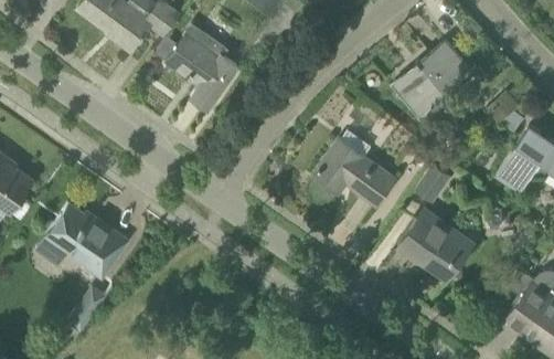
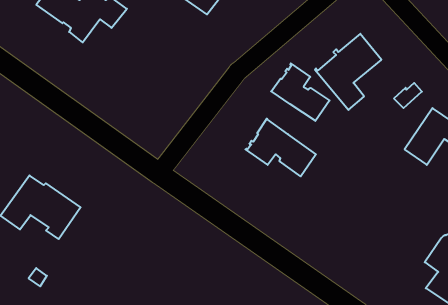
building: [166,34,236,109] -> none
building: none -> [271,63,330,121]
building: [414,163,452,203] -> none
building: [398,210,475,282] -> none

